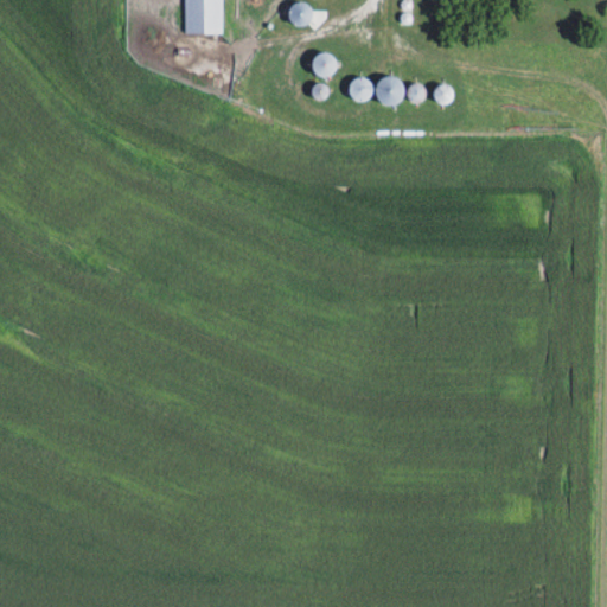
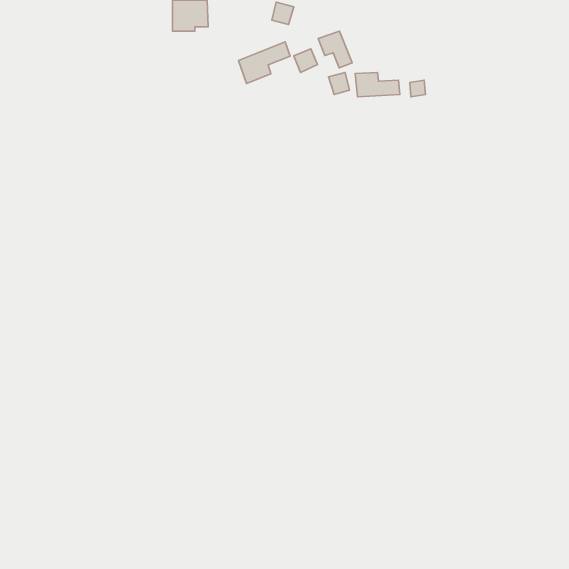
building: none -> [318,31,352,68]
building: none -> [239,42,290,84]

